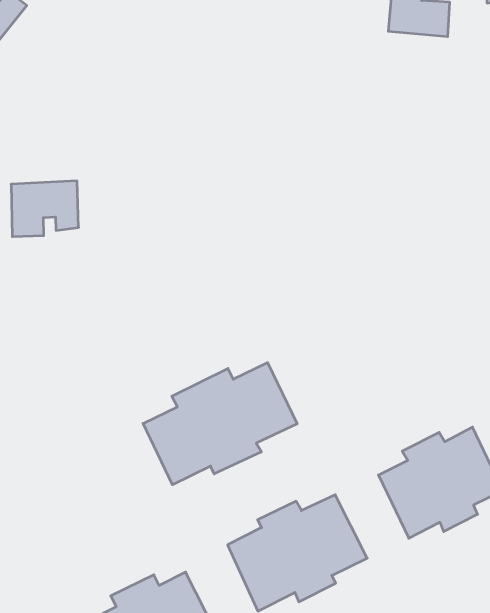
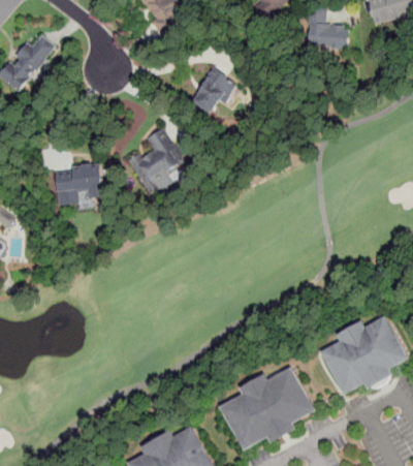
building: none -> [191,66,237,115]
building: none -> [132,127,186,188]
building: [143,363,297,485] -> none

